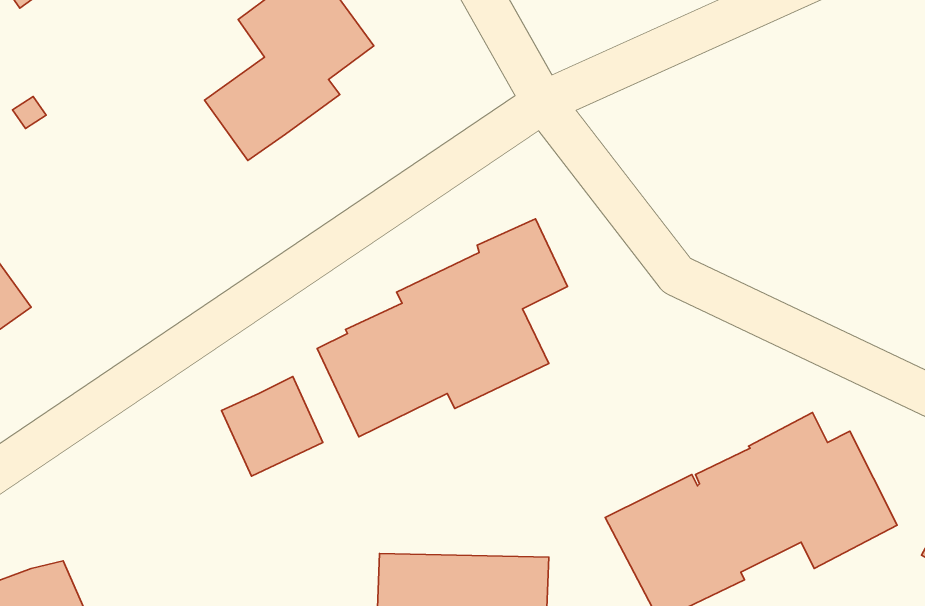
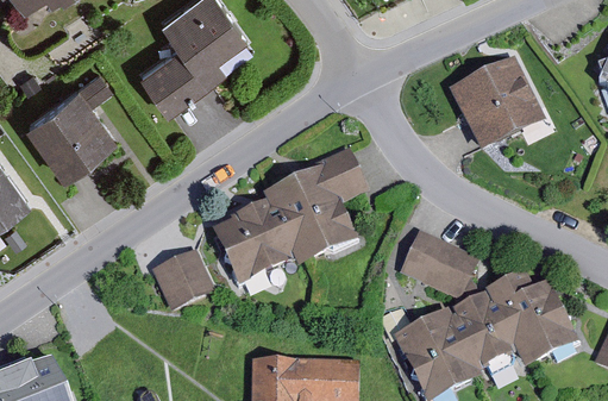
building: none -> [449,58,546,155]
building: none -> [25,71,118,178]
building: none -> [401,232,481,300]

